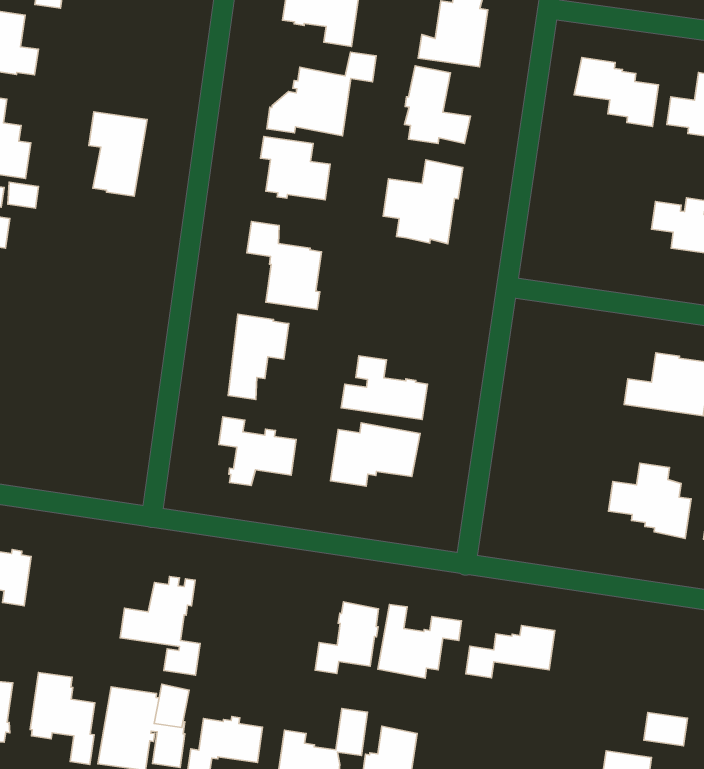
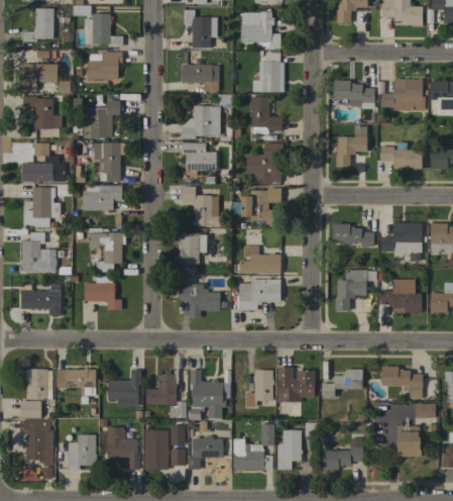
building: none -> [83,100,120,137]
building: none -> [335,136,367,167]
building: none -> [83,185,122,210]
building: none -> [241,188,280,226]
building: none -> [89,232,126,272]
building: none -> [333,223,373,245]
building: none -> [85,276,123,310]
building: none -> [335,270,376,310]
building: none -> [108,370,141,406]
building: none -> [190,370,230,419]
building: none -> [381,367,422,398]

